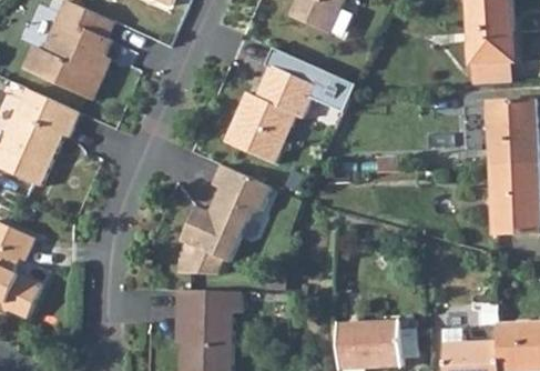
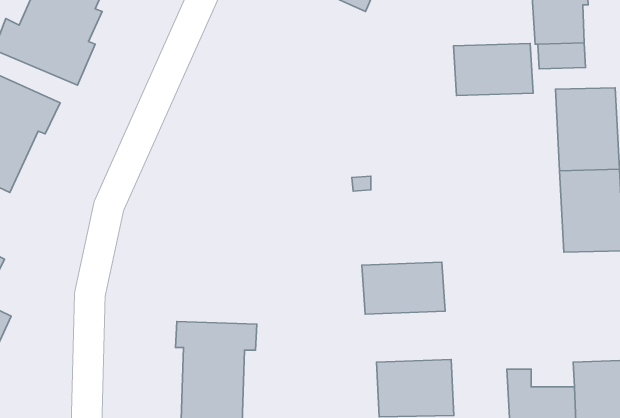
building: [224,48,354,166] -> none
building: none -> [453,44,533,96]
building: [179,164,271,272] -> none
building: none -> [362,262,445,314]

